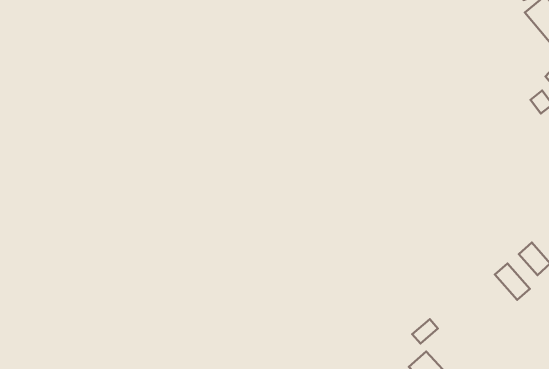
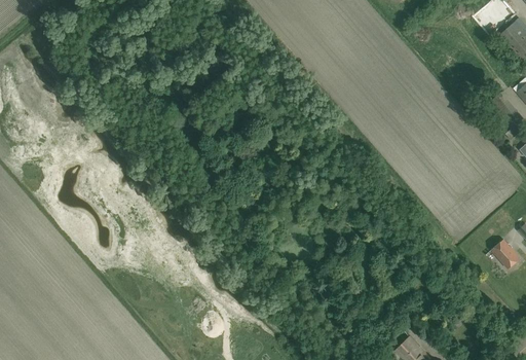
building: [495,264,530,300] -> none

